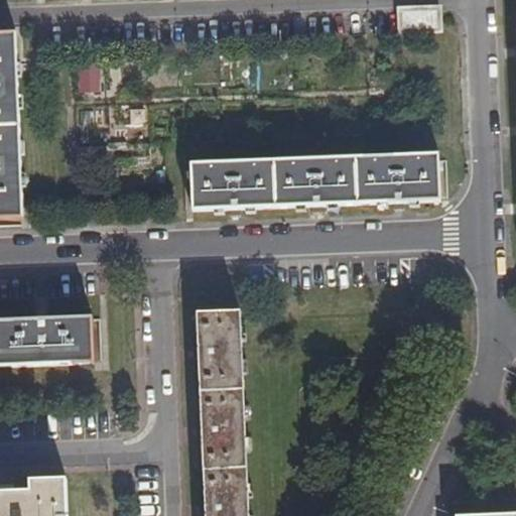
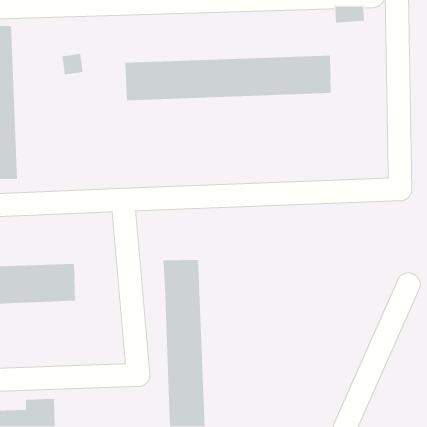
building: [189,152,437,208] -> [124,55,332,101]

